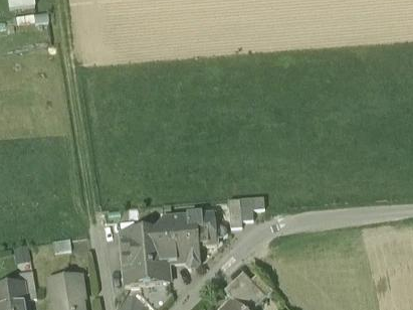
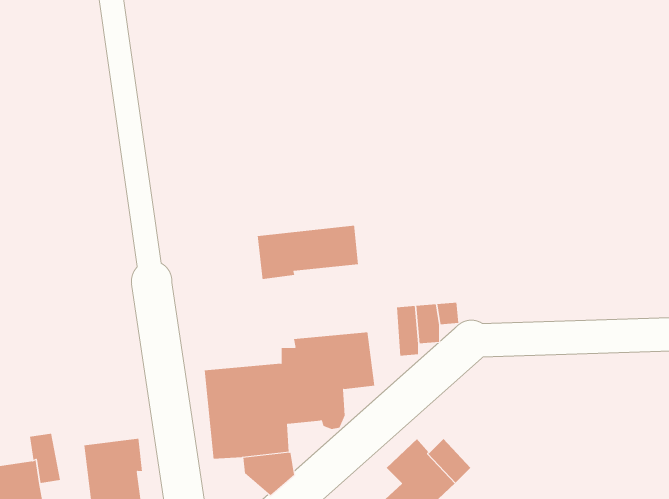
building: none -> [257,225,358,280]

